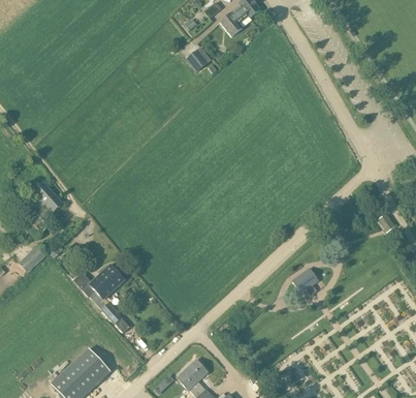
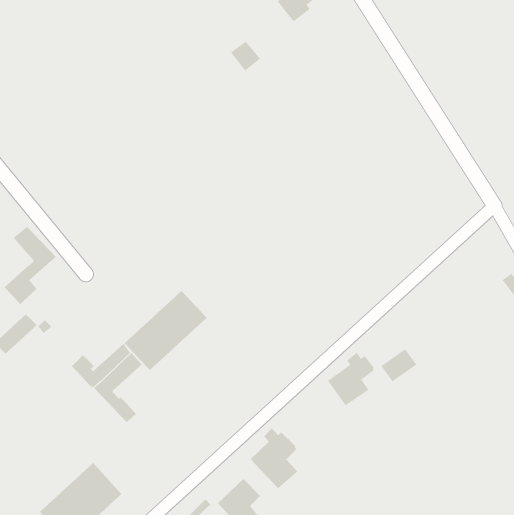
building: none -> [124,290,207,371]
building: none -> [327,352,374,406]
building: none -> [250,427,298,489]

